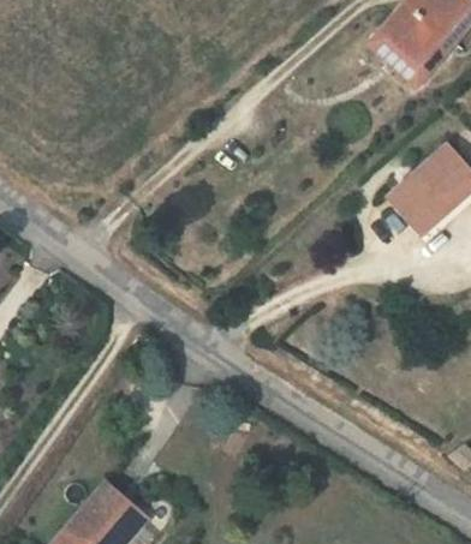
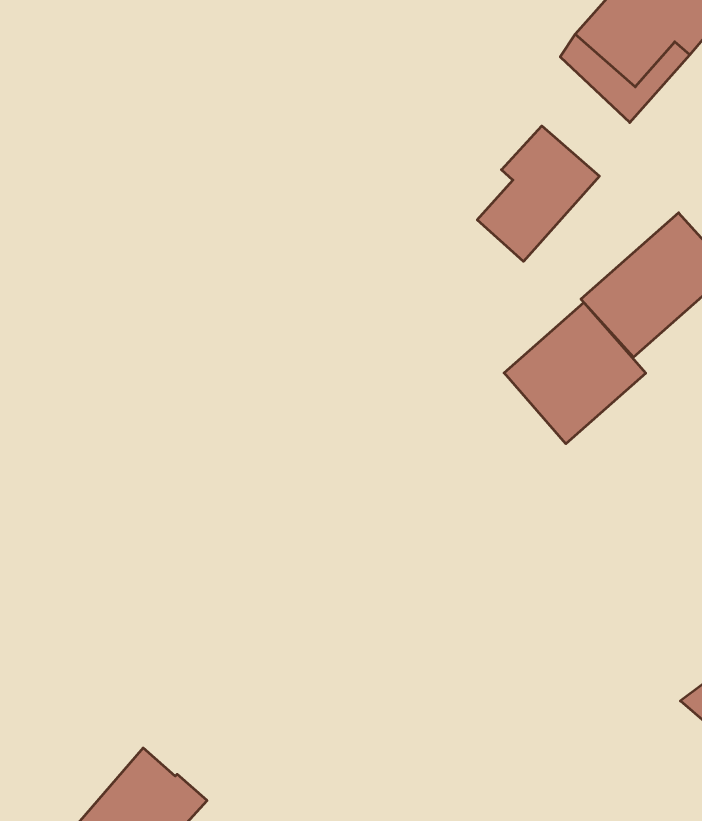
building: none -> [477,126,599,261]
building: none -> [504,302,646,444]

